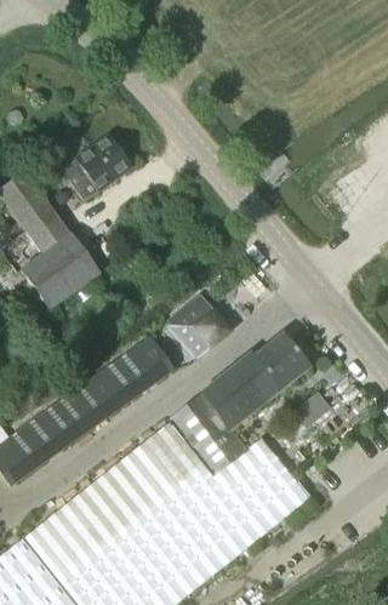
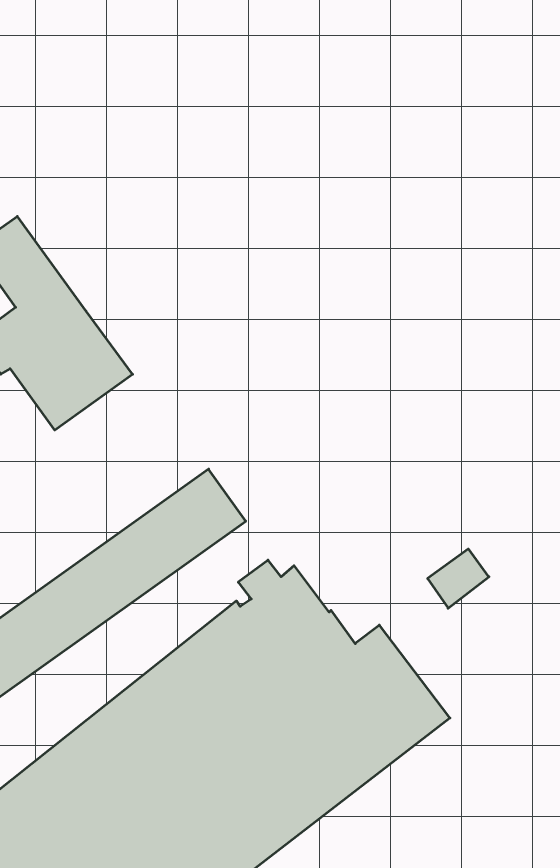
building: [61,135,132,200] -> none
building: [164,296,232,361] -> none
building: [201,335,309,429] -> none

